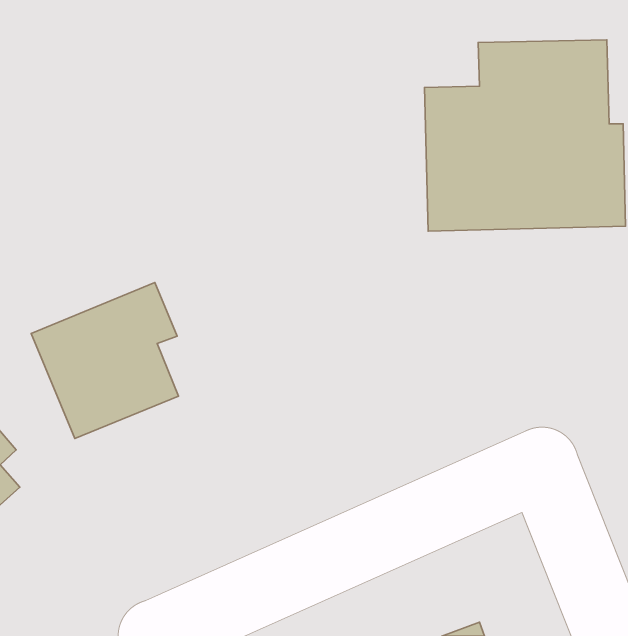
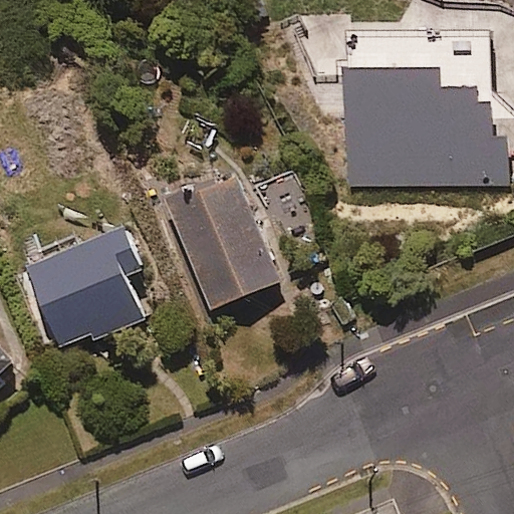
building: none -> [167,175,280,310]

